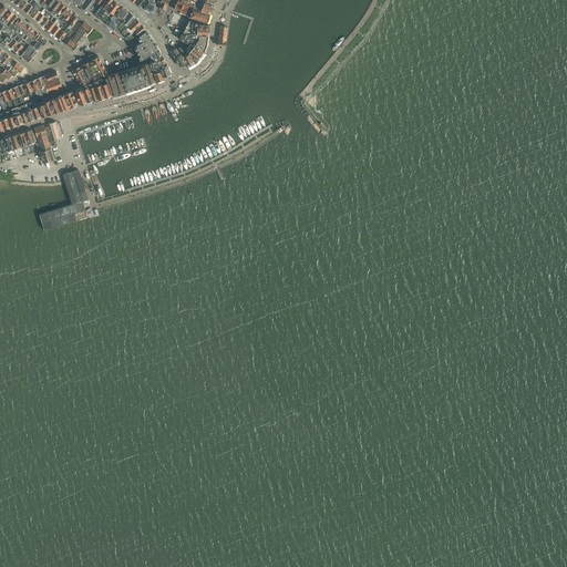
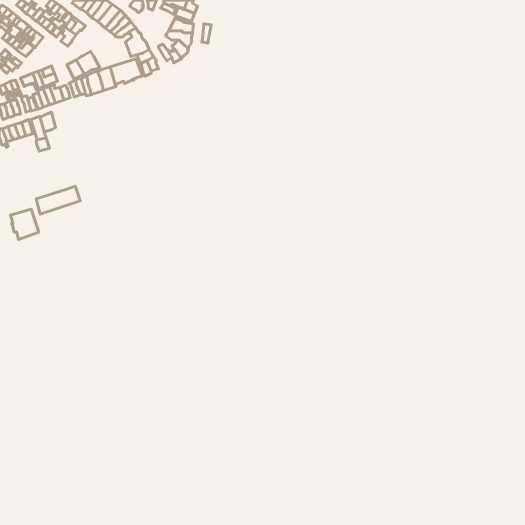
building: [63,171,86,204] -> none
building: none -> [10,209,39,239]

